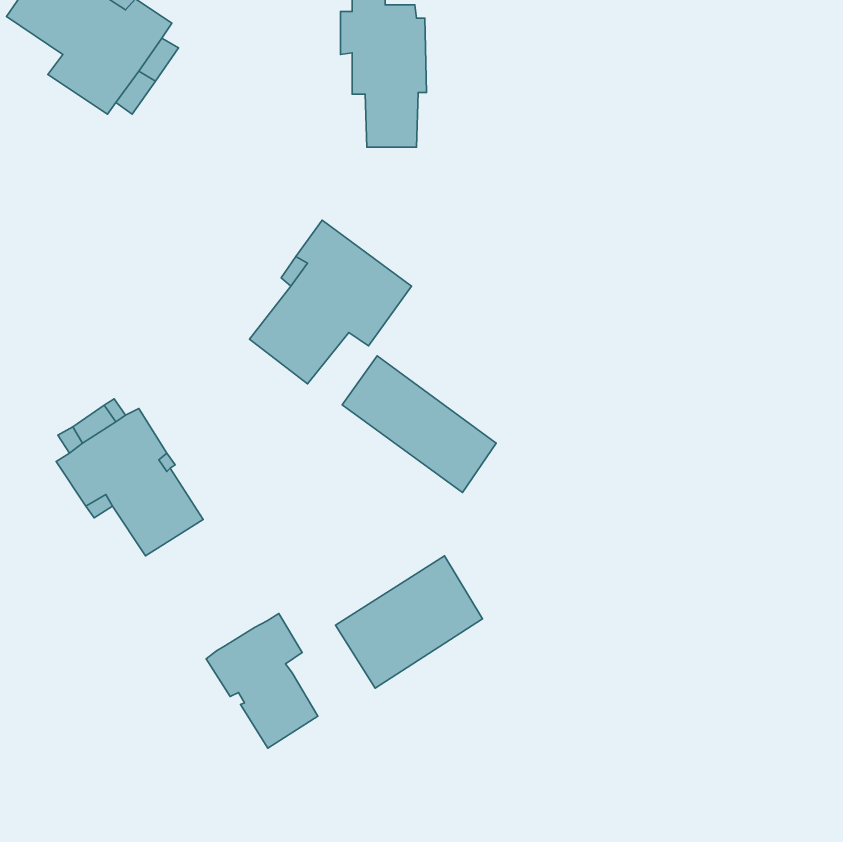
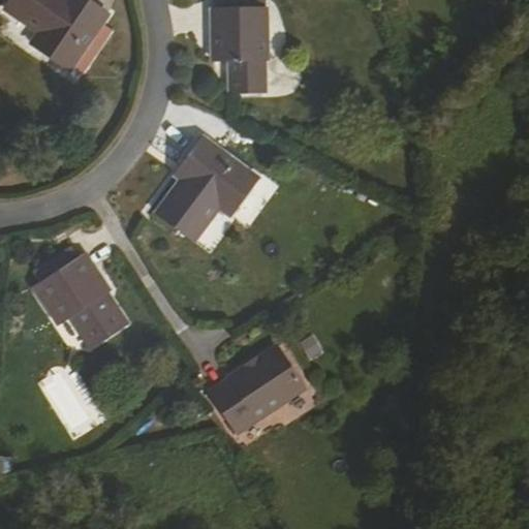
building: [342,356,496,492] -> none
building: [206,613,318,748] -> none

